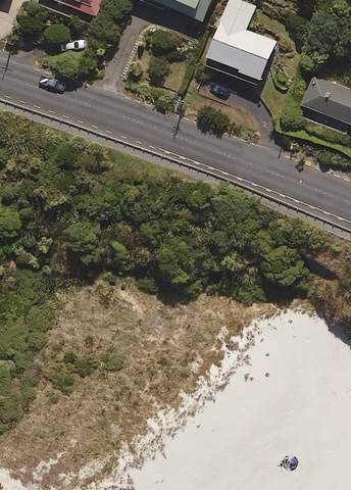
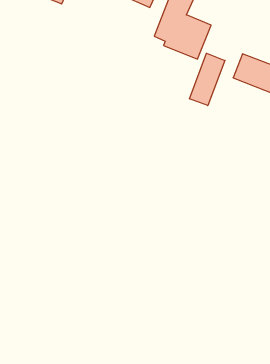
building: none -> [190,53,225,106]

